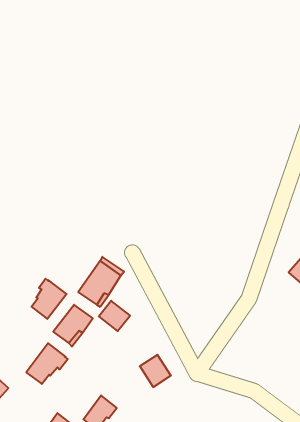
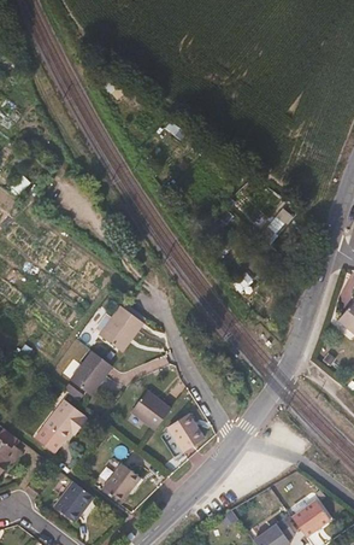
building: [32,279,67,319] -> none
building: [99,301,130,331] -> [131,394,167,429]

